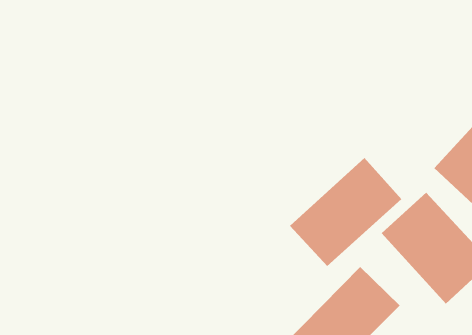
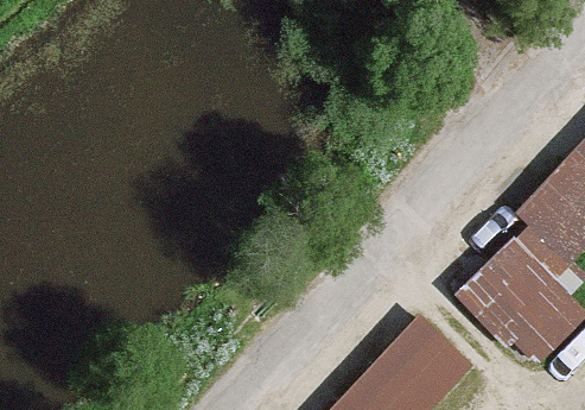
building: [289,157,402,267] -> none

